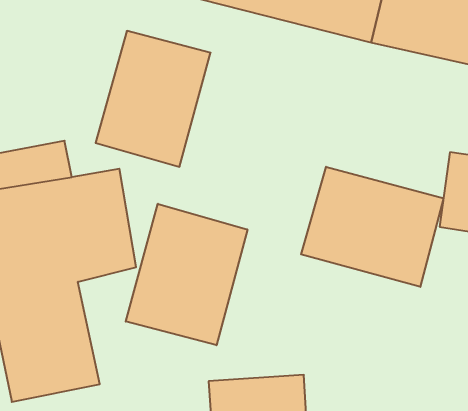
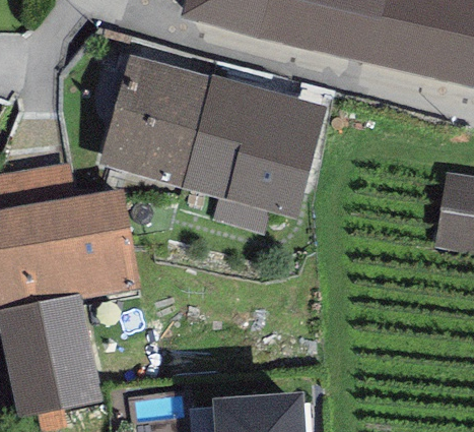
building: none -> [182,75,326,232]
building: [301,167,444,287] -> none
building: [126,204,247,345] -> none

